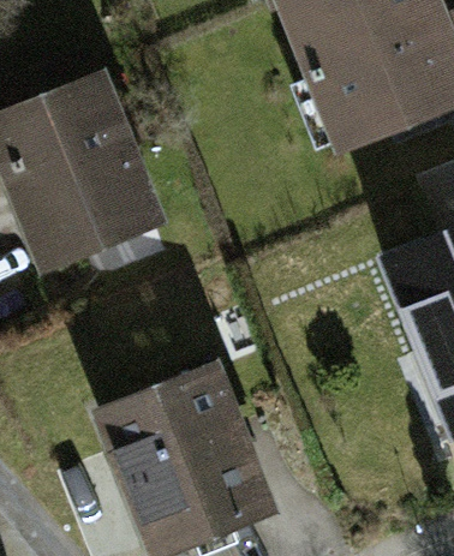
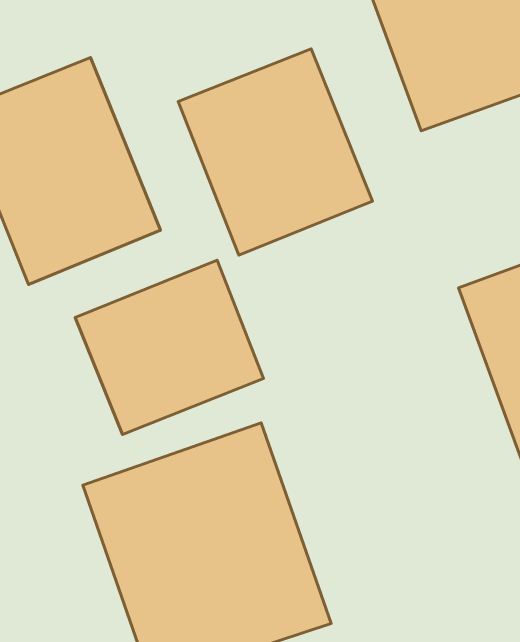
building: none -> [178,49,372,255]
building: none -> [75,260,263,435]

